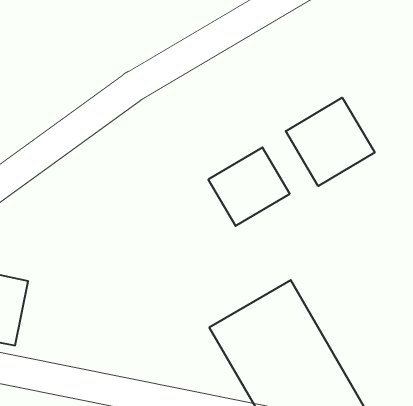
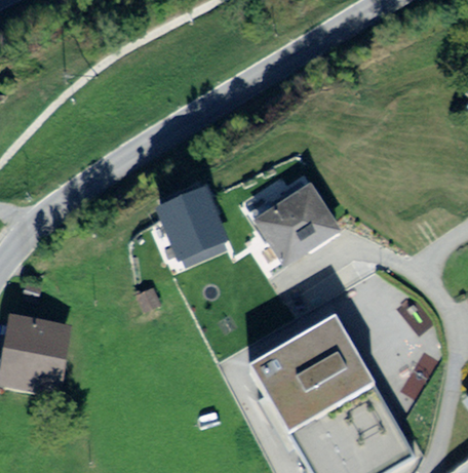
building: [286,98,375,186] -> none
building: none -> [156,185,231,259]

